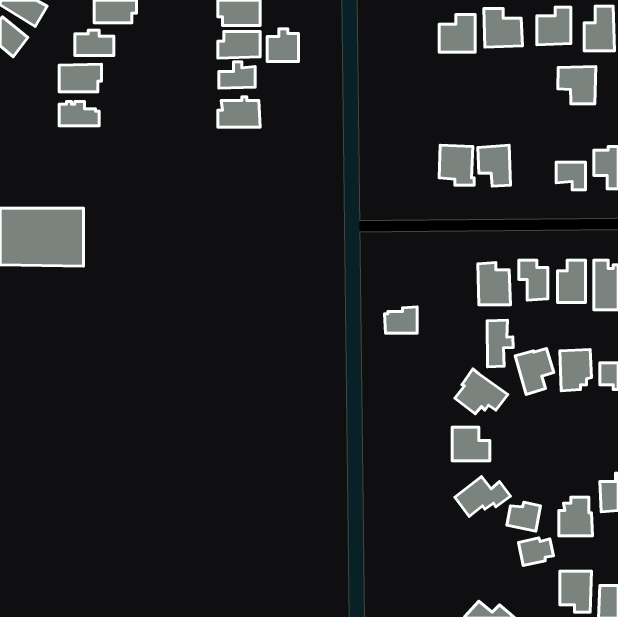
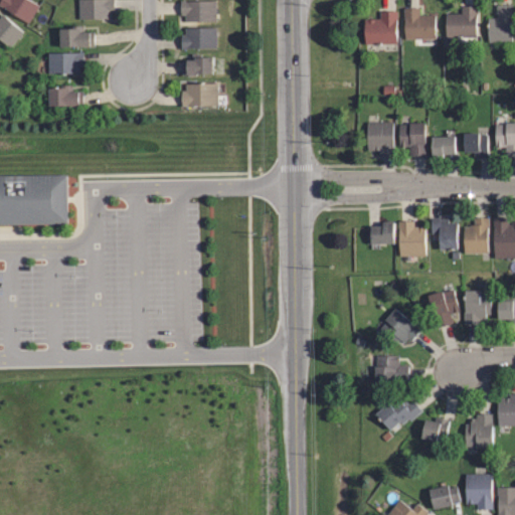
building: [267,29,299,62] -> none
building: [558,67,596,104] -> none
building: none -> [432,133,456,159]
building: [384,307,417,333] -> [366,222,393,244]
building: [487,320,513,367] -> none
building: [518,538,554,566] -> [430,486,459,509]

